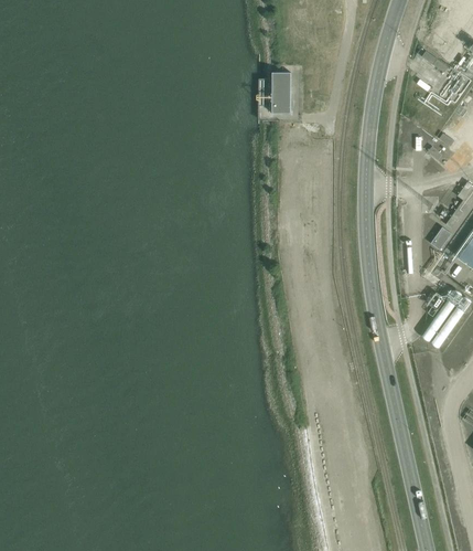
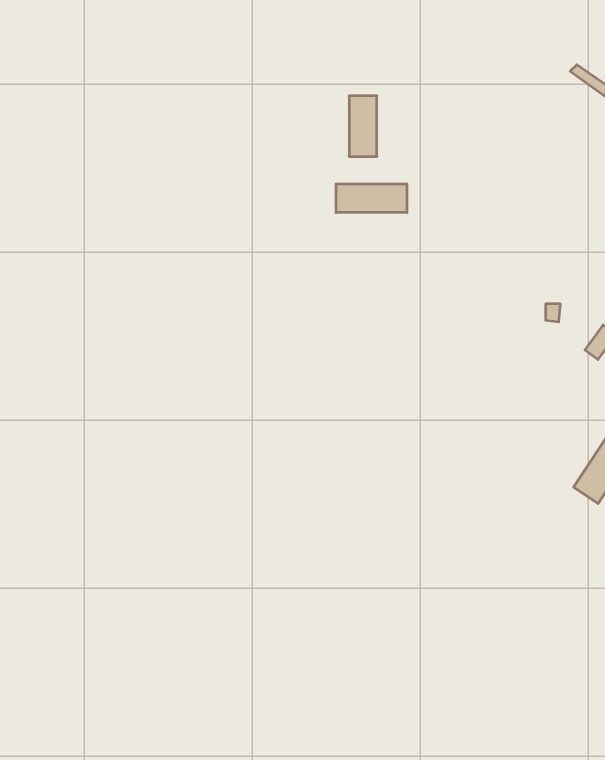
building: none -> [336,184,407,213]

